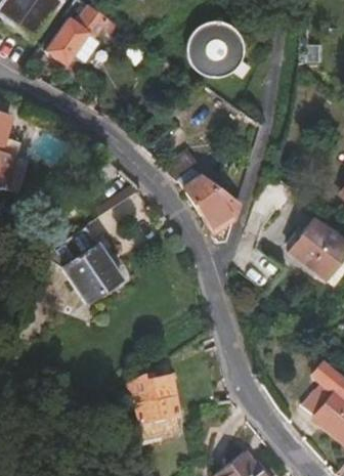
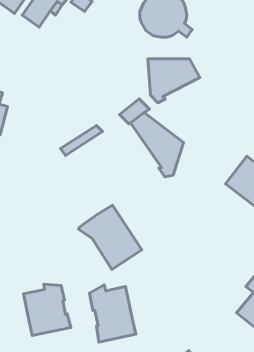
building: none -> [148,59,200,103]
building: [45,224,121,301] -> [78,205,142,269]
building: none -> [24,284,71,336]

